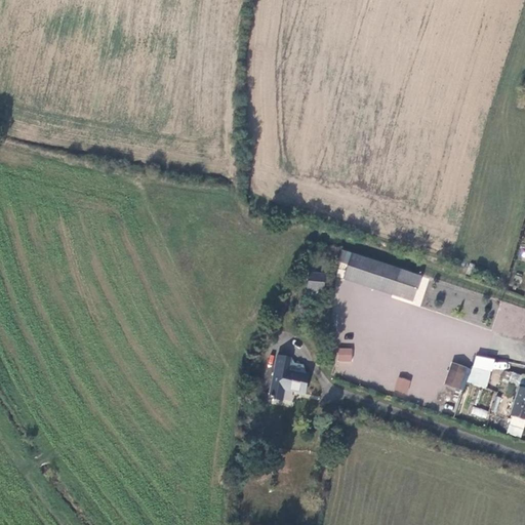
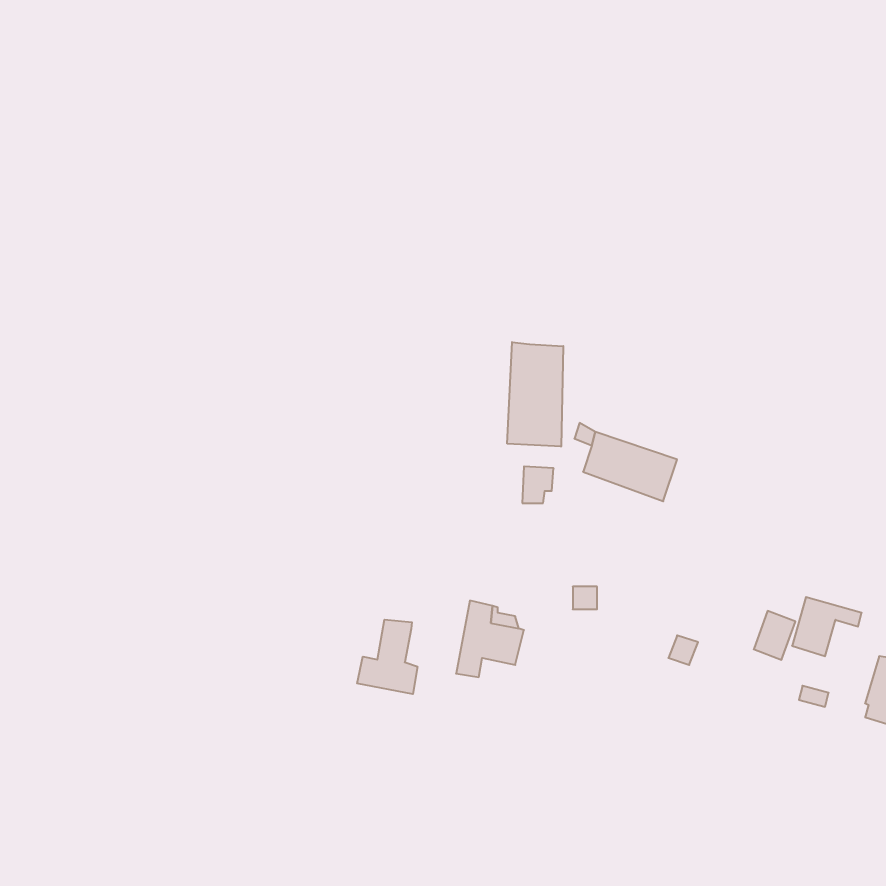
building: none -> [507,342,563,447]
building: [393,271,421,301] -> none
building: none -> [357,620,417,694]

